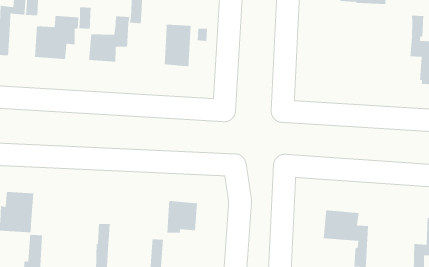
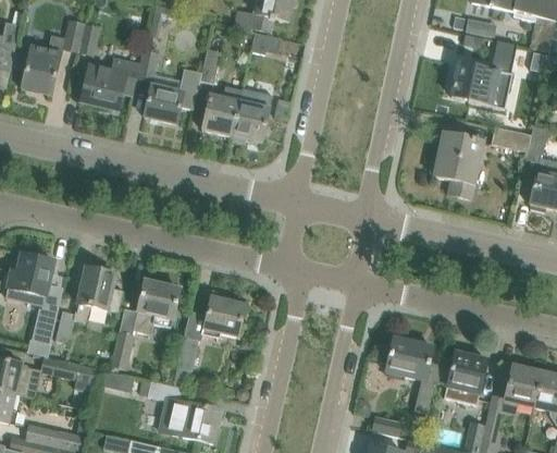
building: none -> [491,125,531,150]
building: none -> [201,87,242,135]
building: none -> [430,132,483,198]
building: none -> [55,267,123,342]
building: none -> [134,280,180,333]
building: none -> [438,351,487,400]

